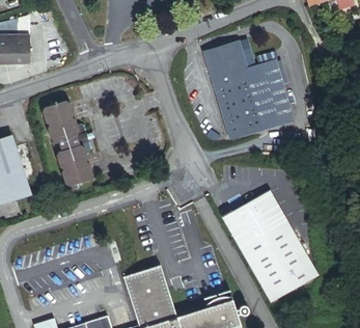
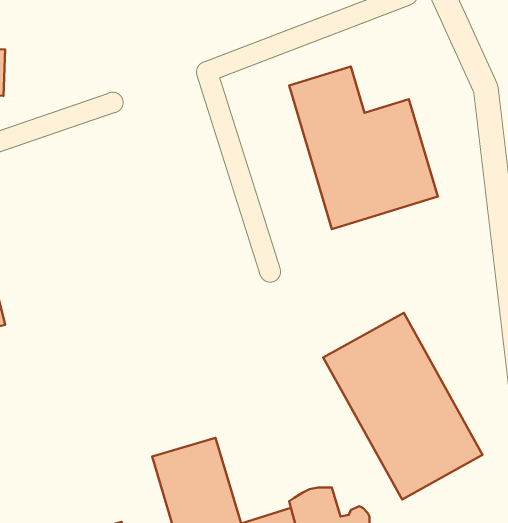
building: [44,103,94,187] -> none

